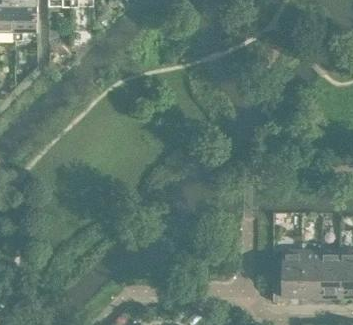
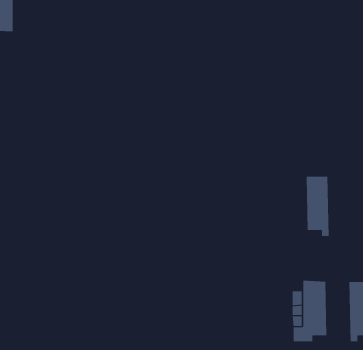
building: [300,250,320,301] -> [306,176,329,236]

